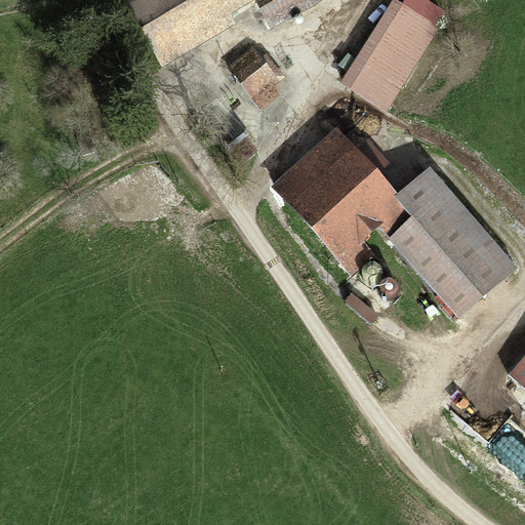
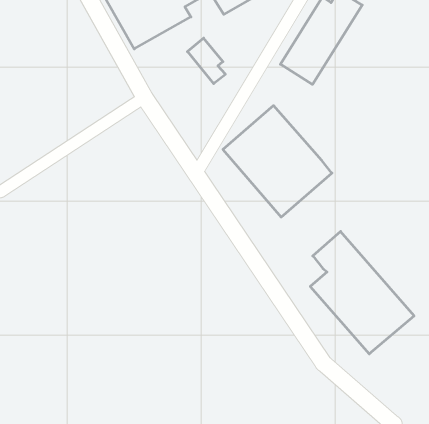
building: [391,165,517,314] -> [310,231,414,354]

